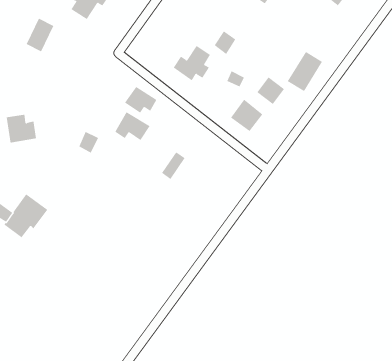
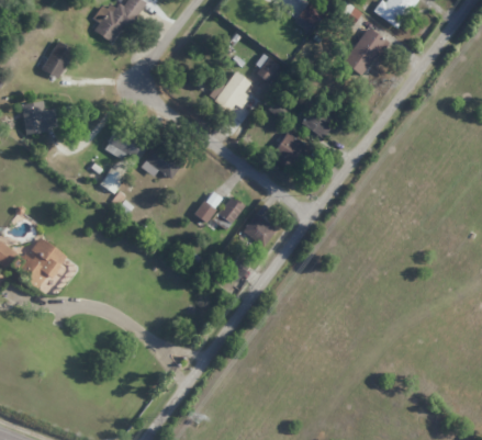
building: [287,51,323,92] -> [346,27,386,74]
building: [124,86,157,113] -> [103,129,141,160]
building: [6,114,37,143] -> [21,101,56,134]
building: none -> [213,196,244,228]
building: none -> [243,215,276,247]

